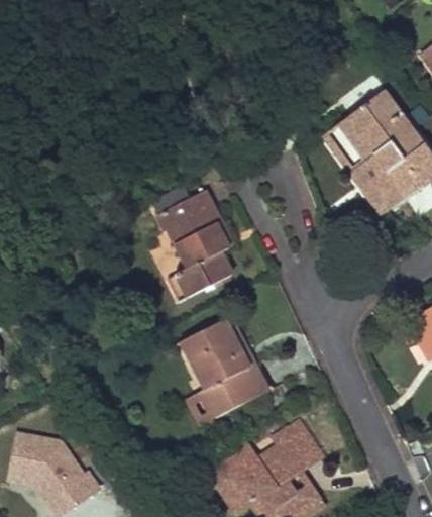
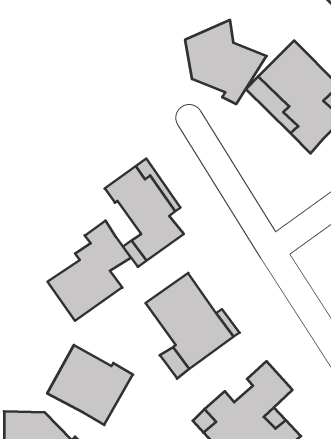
building: none -> [185,20,267,104]
building: none -> [48,221,131,321]
building: none -> [47,345,133,425]

